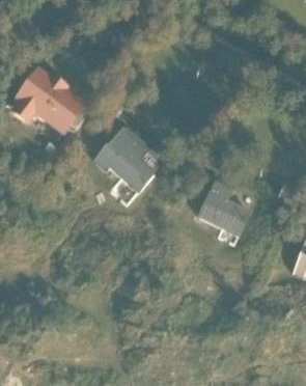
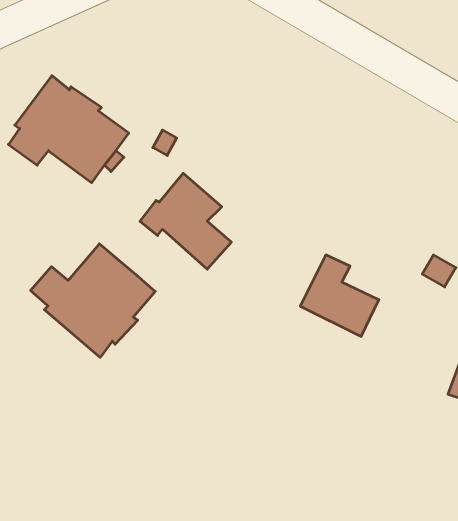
building: none -> [31,244,155,357]

